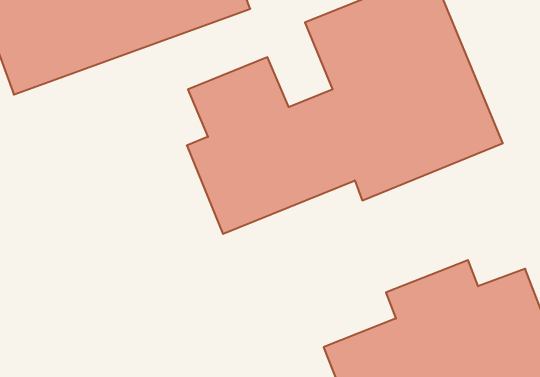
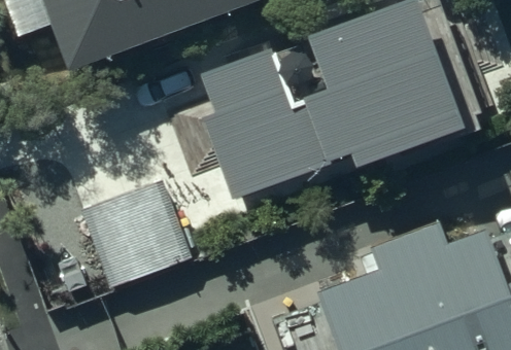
building: none -> [87,195,190,299]

